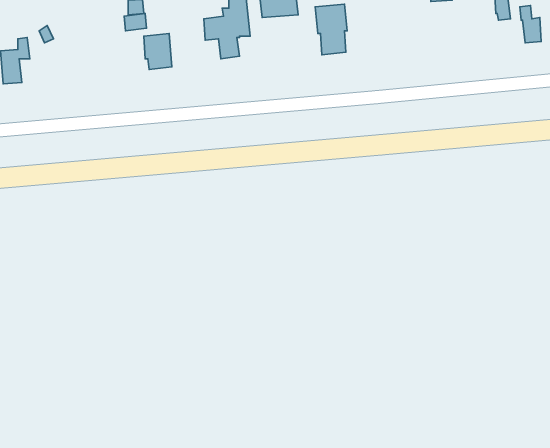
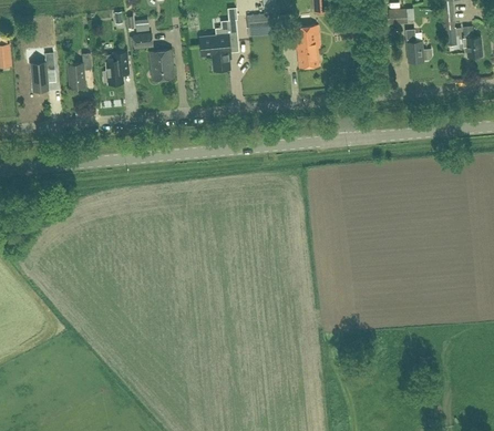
building: none -> [405,31,431,64]
building: none -> [102,51,128,84]
building: none -> [68,53,91,88]

